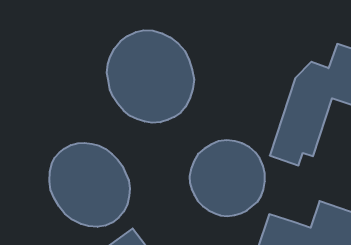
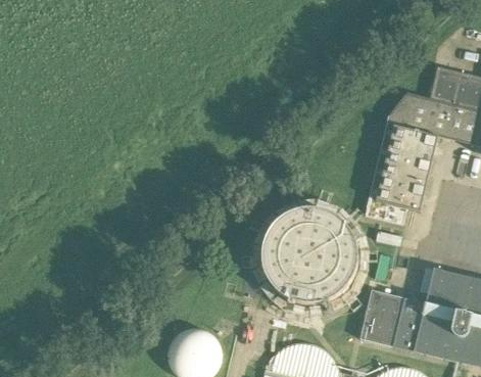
building: [107,30,194,123] -> none
building: [50,143,130,227] -> none

